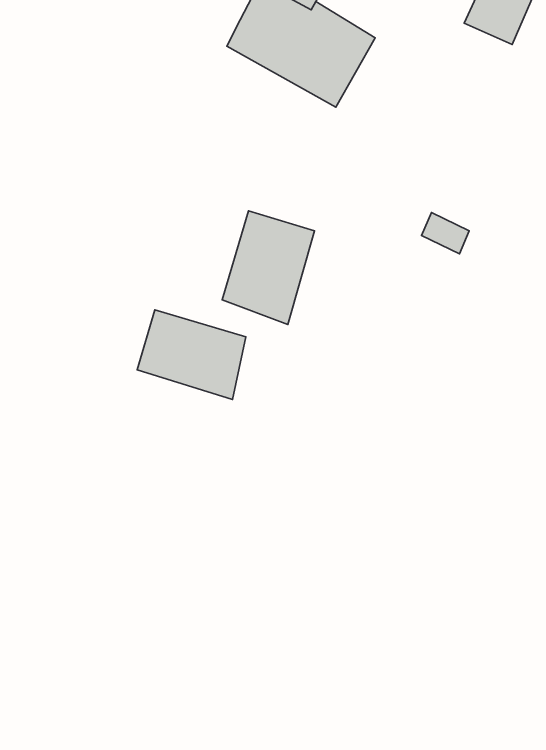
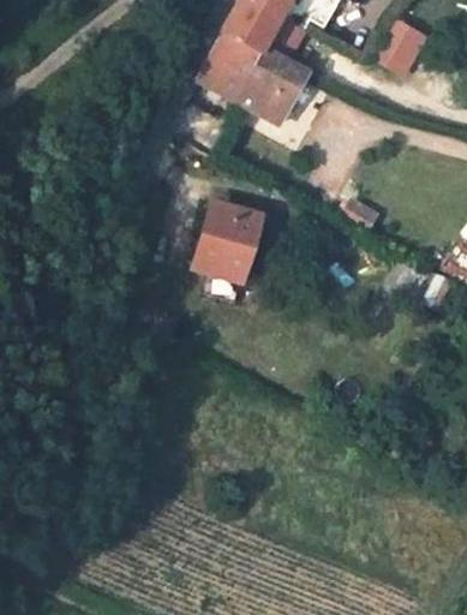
building: [137,310,246,400] -> none

